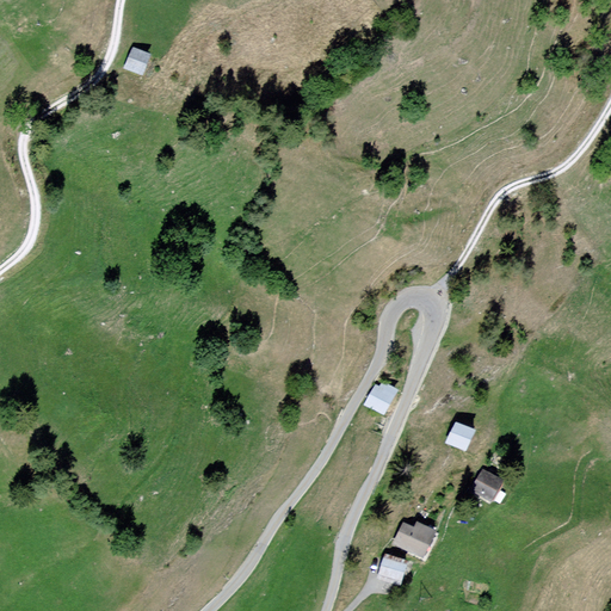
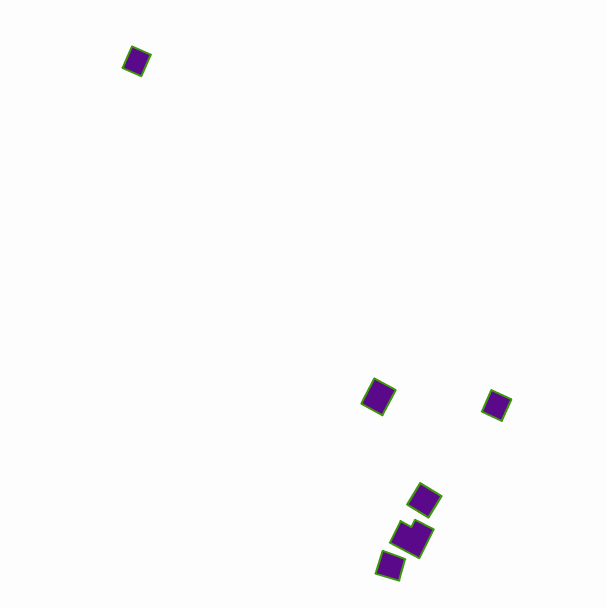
building: [445,420,475,451] -> [482,390,511,421]
building: [470,468,505,502] -> [407,483,442,518]

